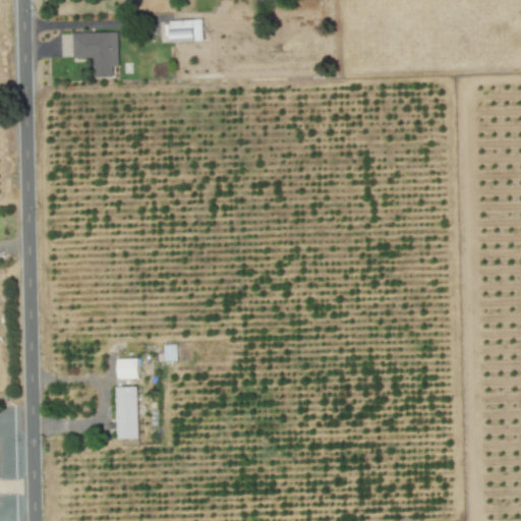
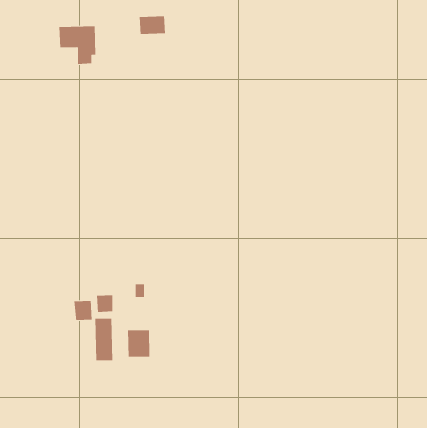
building: none -> [74,300,92,321]
building: none -> [127,329,150,358]

